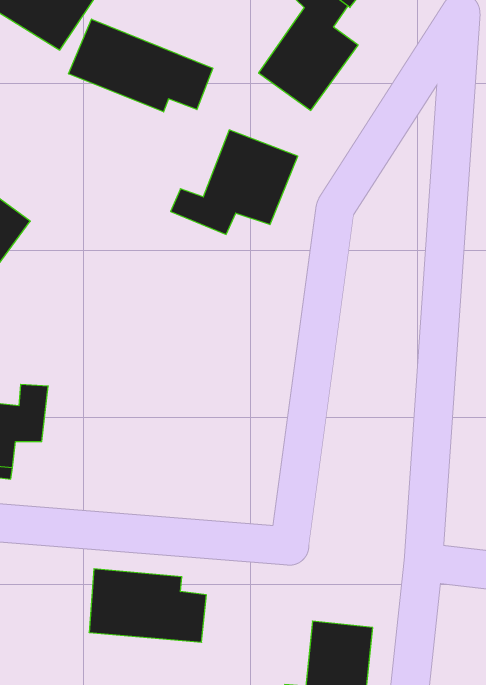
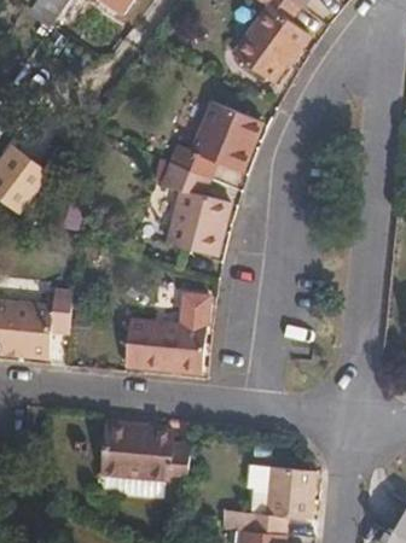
building: [69,19,213,112] -> none
building: none -> [157,160,226,255]
building: none -> [129,291,209,370]

